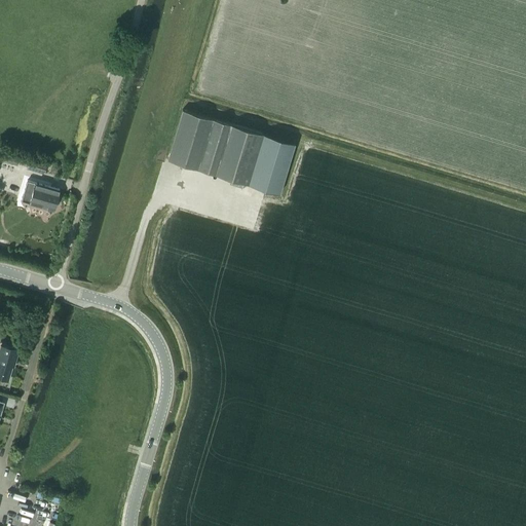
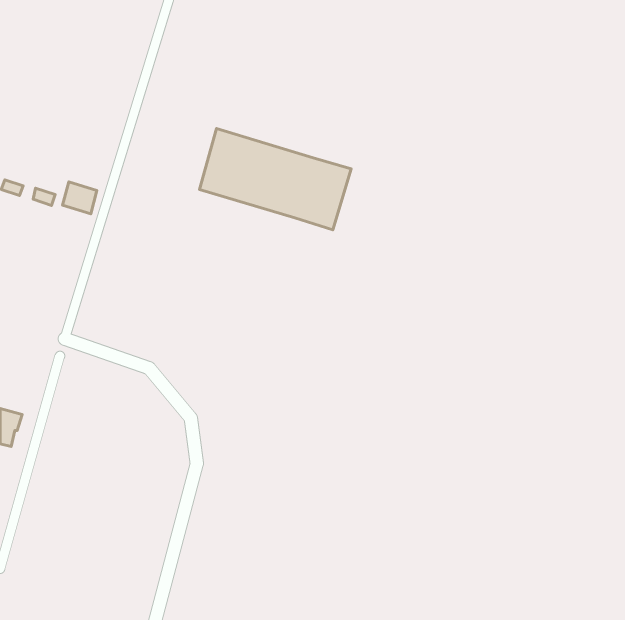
building: [30,186,59,213] -> [63,182,97,214]

